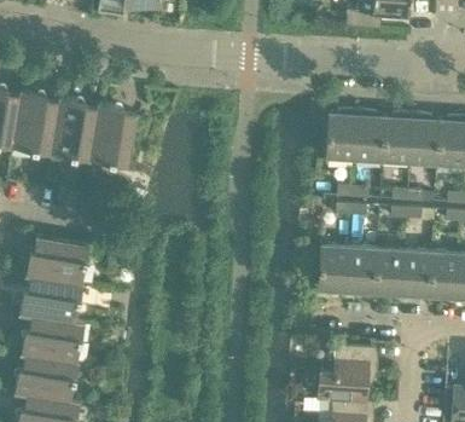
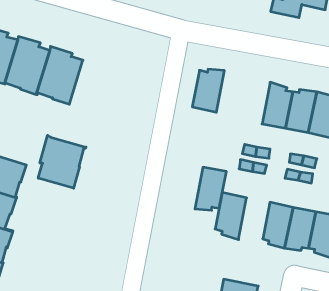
building: [325,110,356,160] -> [192,69,224,112]
building: none -> [38,135,86,188]
building: [345,248,376,297] -> [195,167,226,210]

